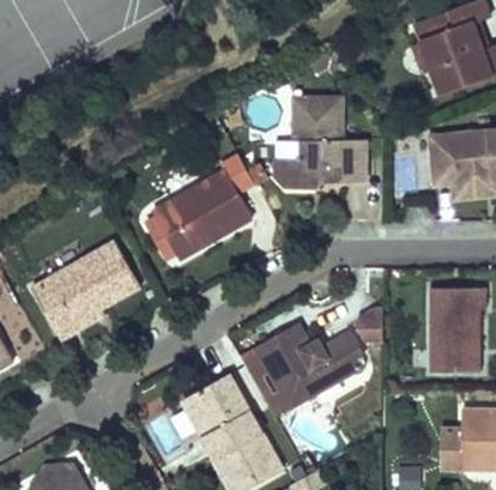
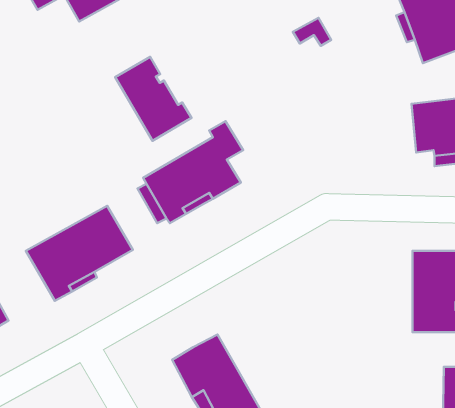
building: none -> [115,57,191,141]
building: [276,97,365,188] -> none
building: [255,307,382,409] -> none

